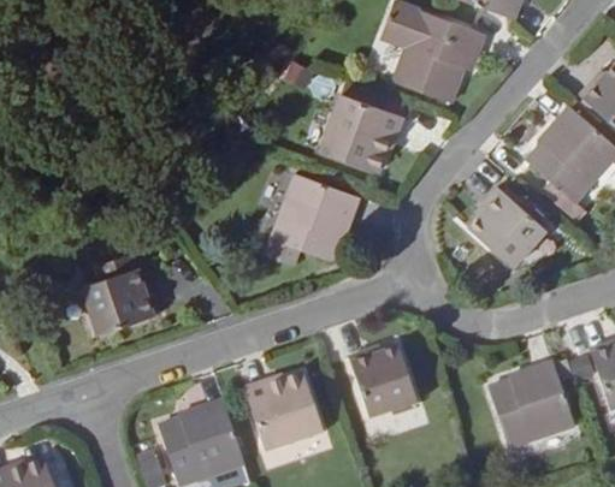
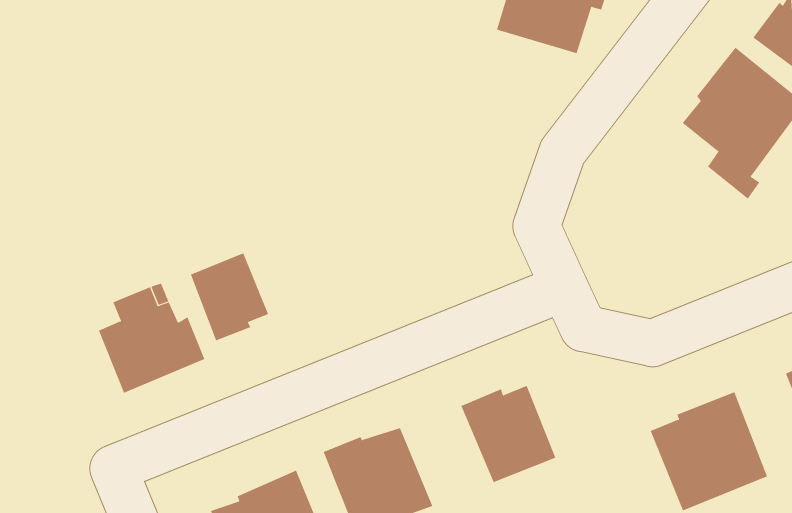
building: [320,93,403,173] -> none
building: [271,173,361,261] -> none
building: [471,189,545,266] -> none
building: none -> [190,252,269,341]

